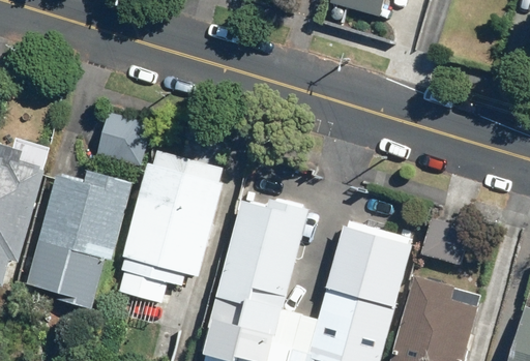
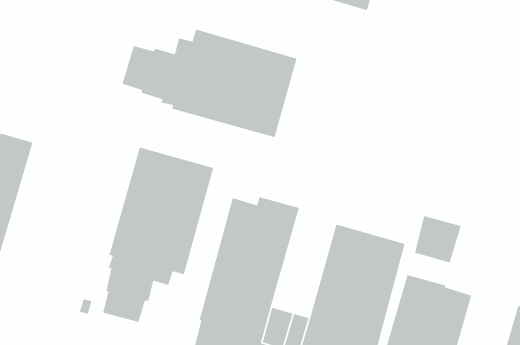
building: none -> [121,29,298,138]
building: [96,111,152,164] -> none
building: [25,170,132,308] -> none

